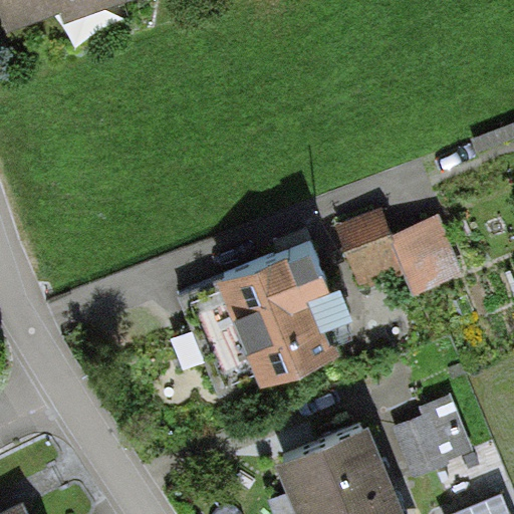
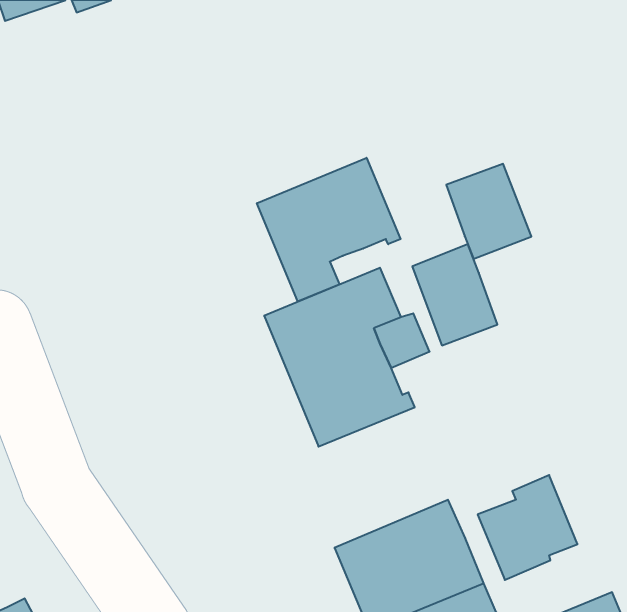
building: none -> [257,158,401,301]
building: [390,220,459,297] -> [446,164,531,259]

